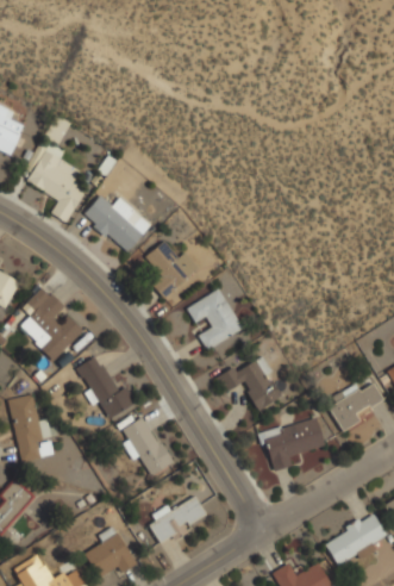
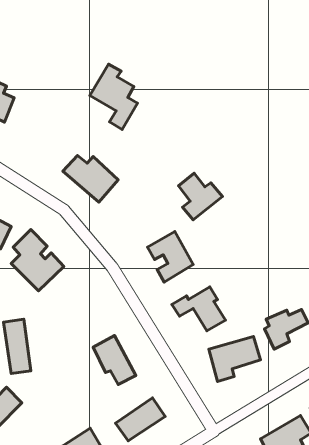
building: [27,143,86,223] -> [90,64,138,129]
building: [146,241,200,298] -> [179,173,222,220]
building: [80,356,137,420] -> none

